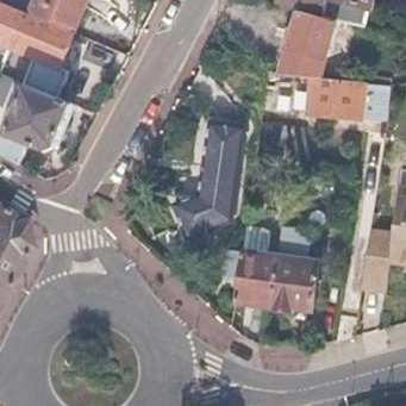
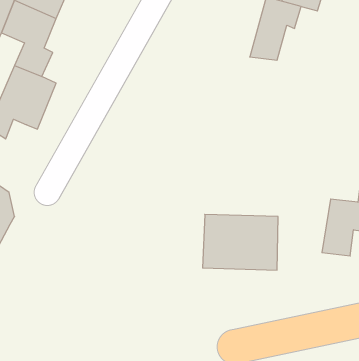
building: [310,77,393,120] -> none
building: [170,120,243,233] -> none

